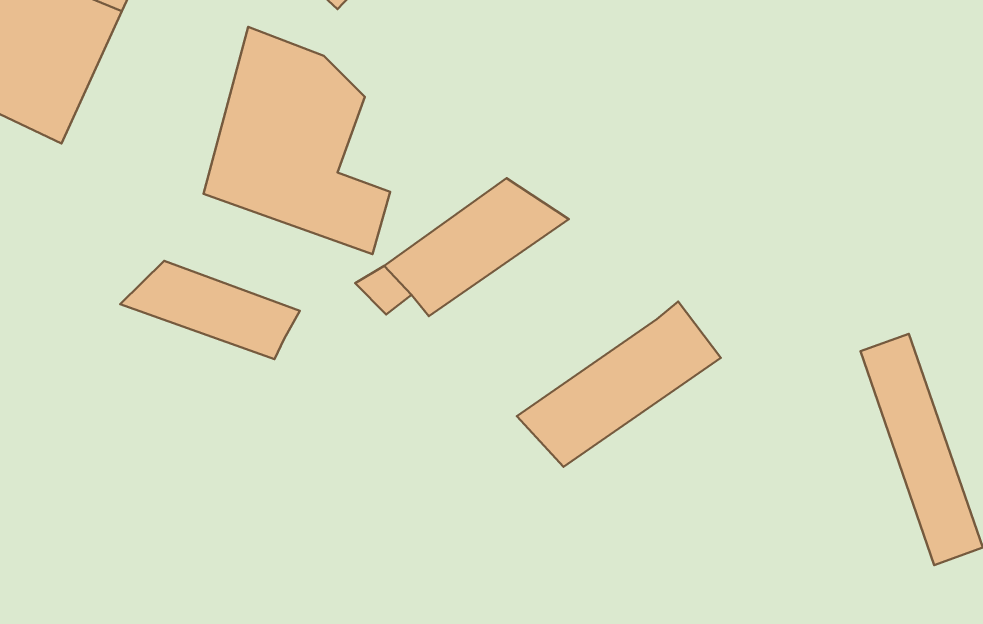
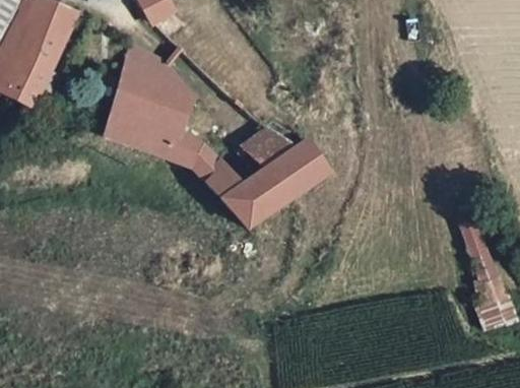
building: [120,261,300,359] -> none
building: [517,302,721,467] -> [224,140,331,227]

